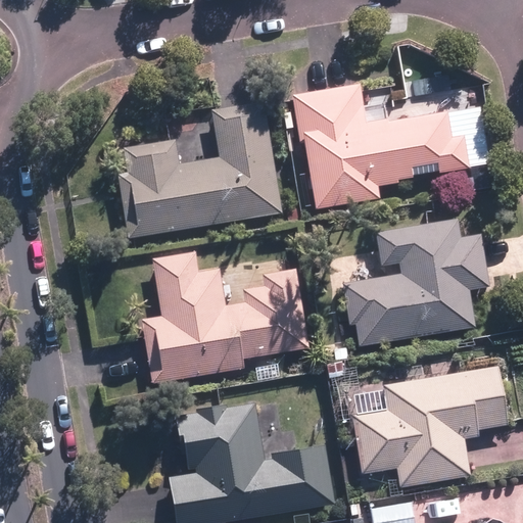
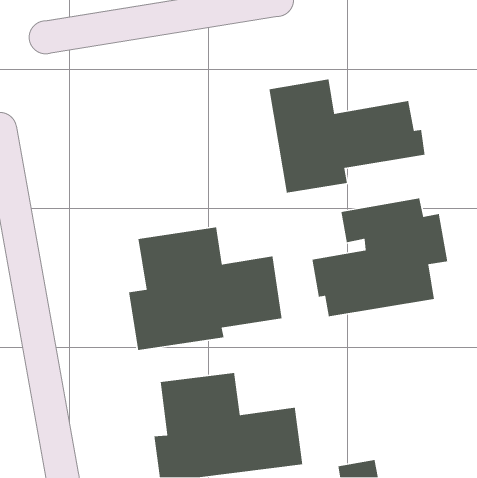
building: [120,100,284,237] -> none
building: [353,367,506,485] -> none

